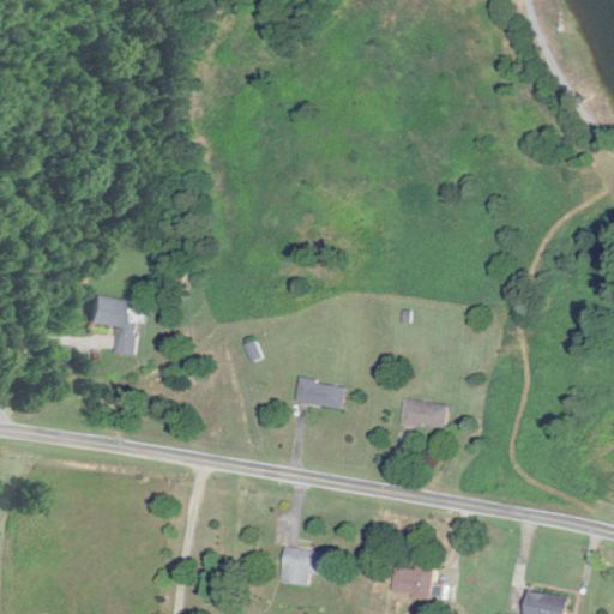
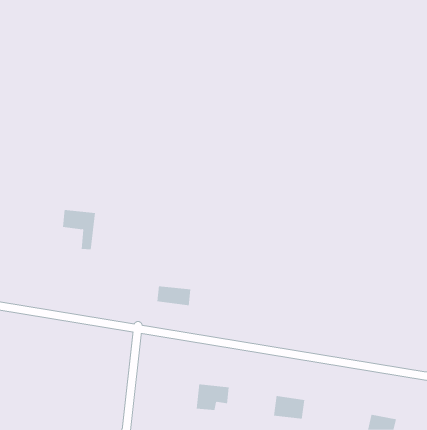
building: [296,380,345,409] -> [157,286,191,306]
building: [401,399,449,429] -> none

